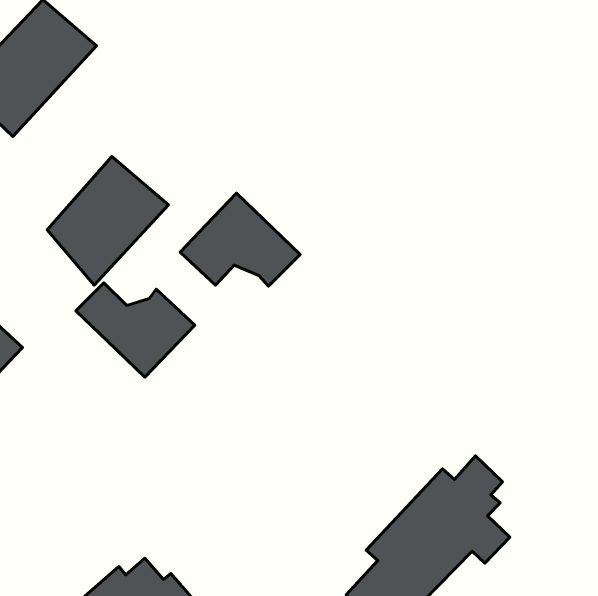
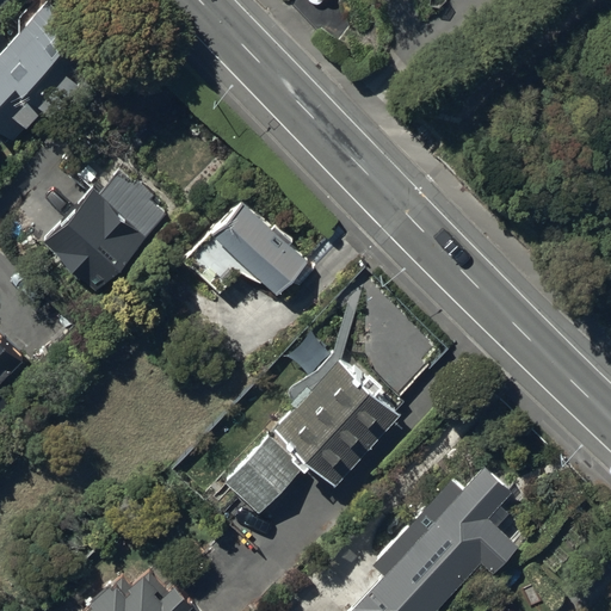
building: [76,283,195,377] -> none
building: none -> [222,362,399,517]

